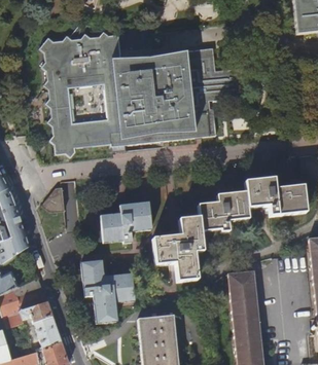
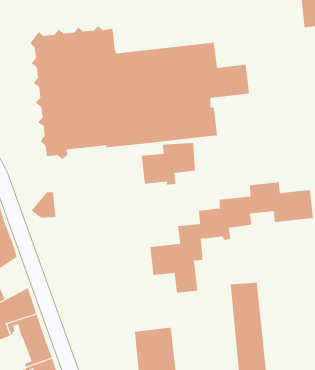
building: [100,203,151,243] -> [141,142,196,185]
building: [82,260,135,323] -> none

